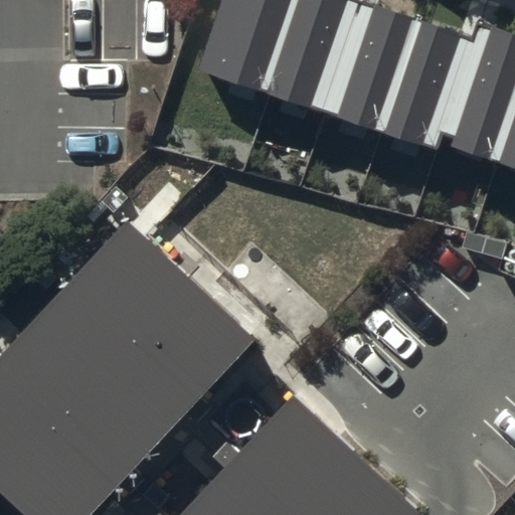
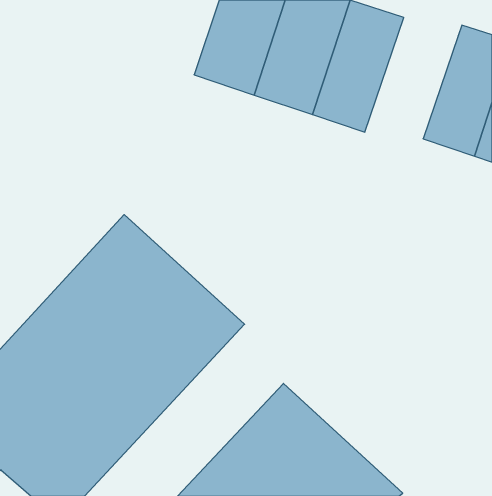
building: [378,18,475,156] -> none

